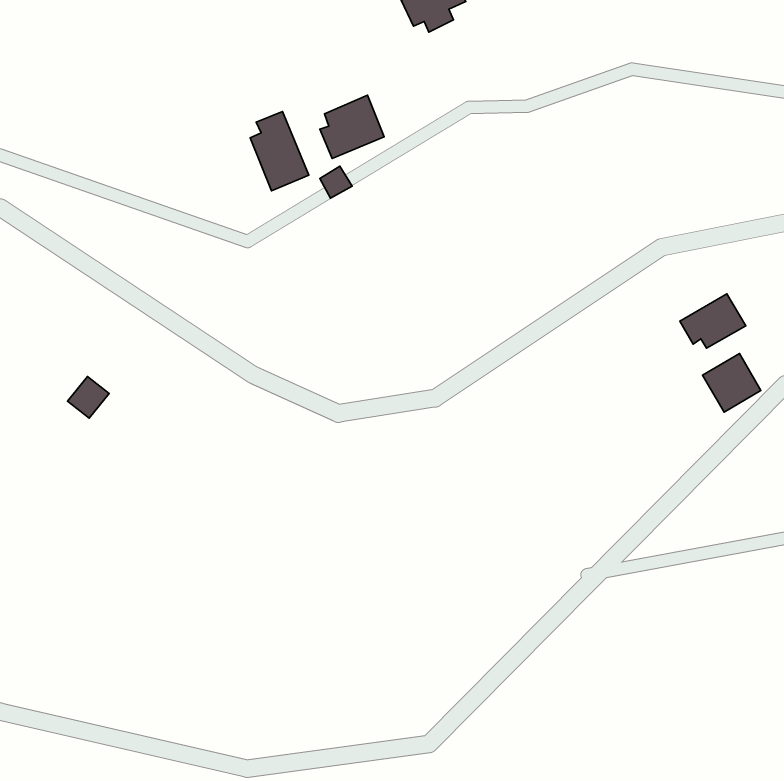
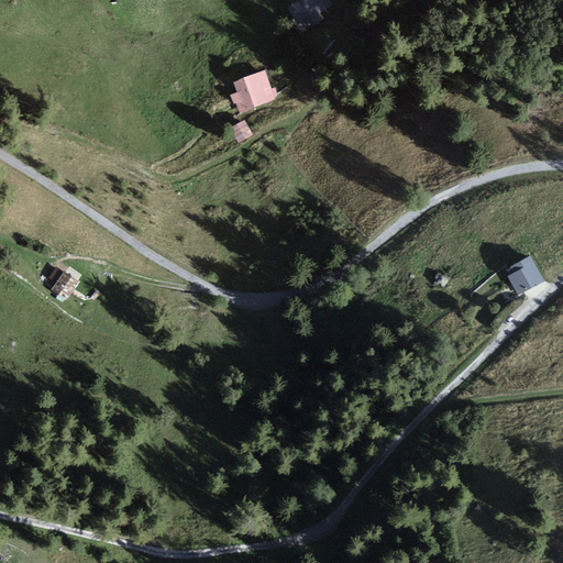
building: [250,112,309,191] -> none
building: [680,294,746,348] -> none

